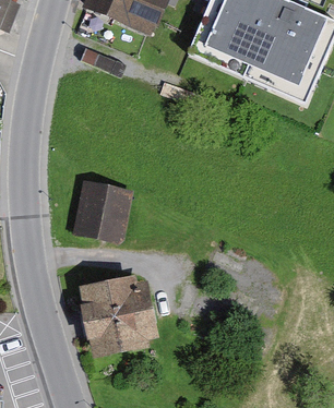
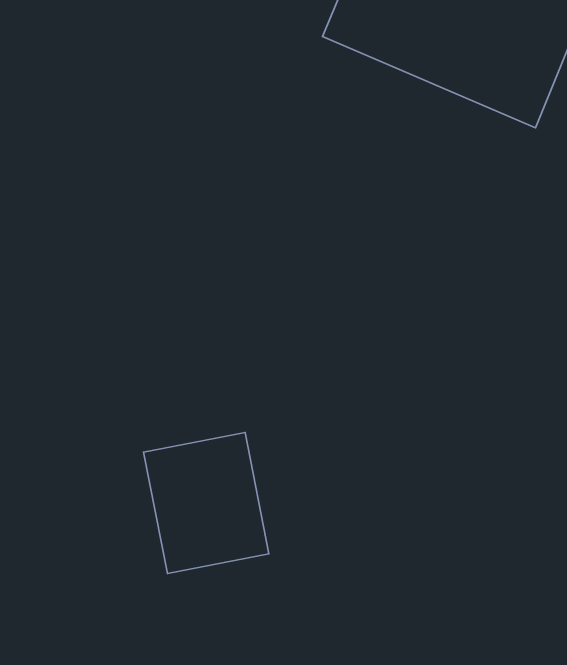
building: [73,181,132,238] -> none

